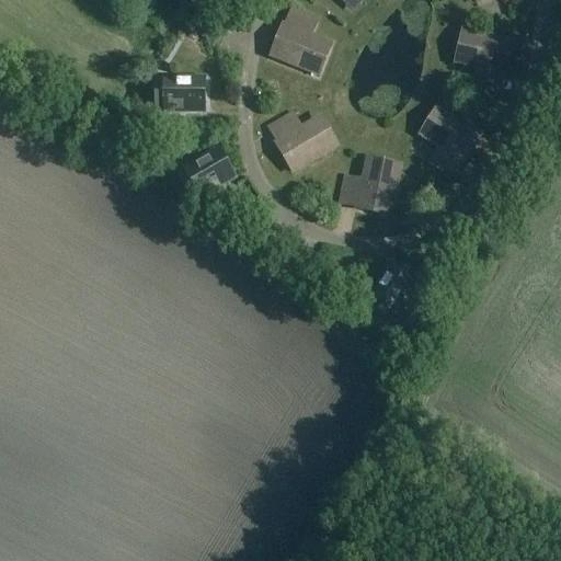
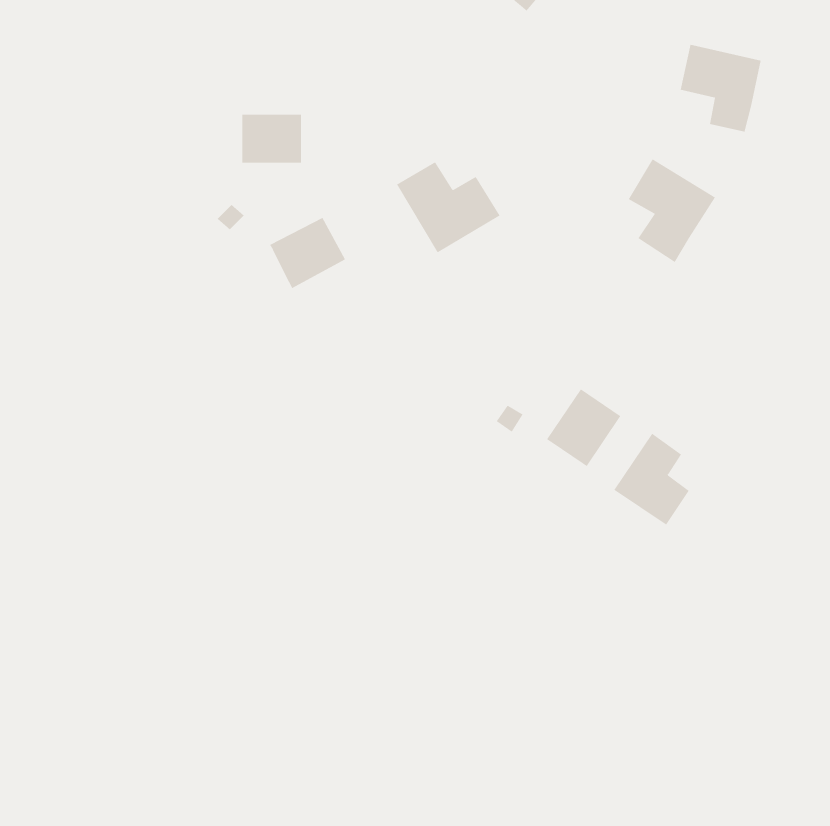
building: [272,4,330,72] -> none
building: [336,159,400,214] -> none
building: none -> [614,433,690,526]

